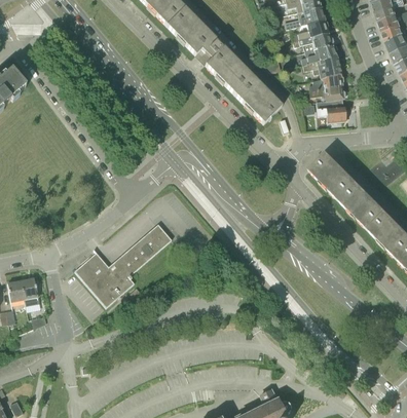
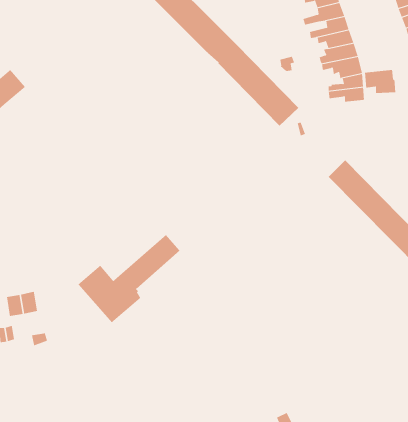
building: [317,98,346,120] -> [364,69,396,94]

